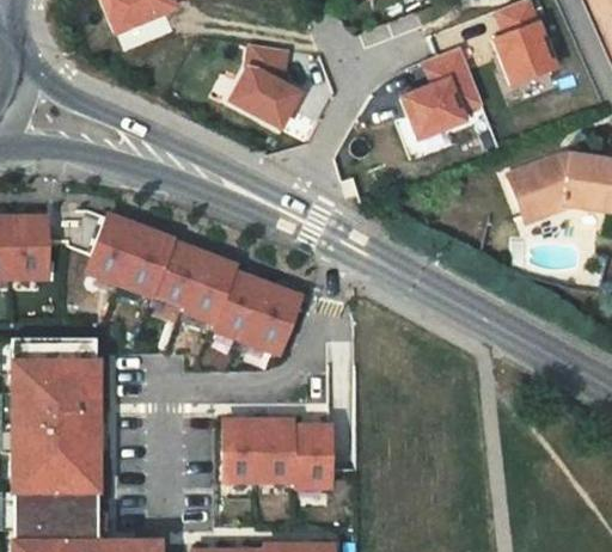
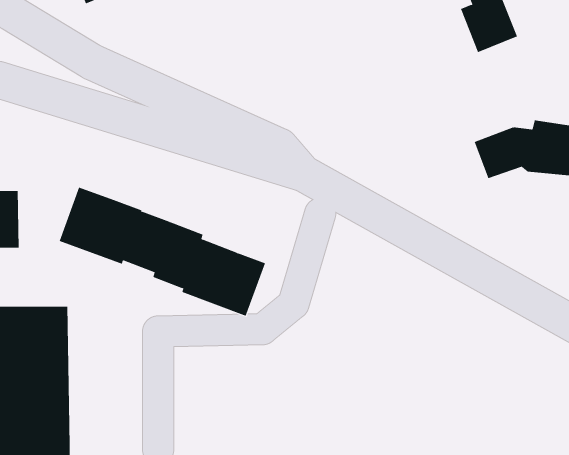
building: [224,47,292,130] -> none
building: [399,48,479,137] -> none
building: [221,423,328,489] -> none

